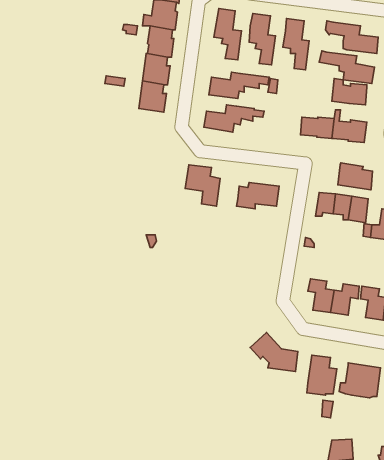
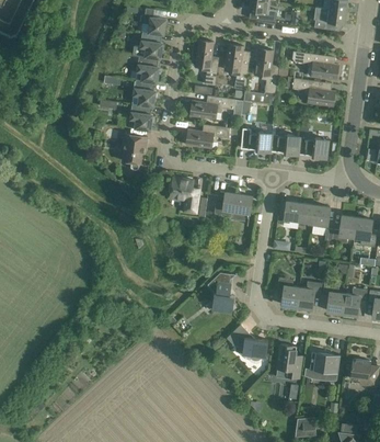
building: [332,78,367,105] -> [240,128,270,151]
building: none -> [120,134,147,171]
building: [338,163,373,190] -> none
building: none -> [206,273,235,314]

